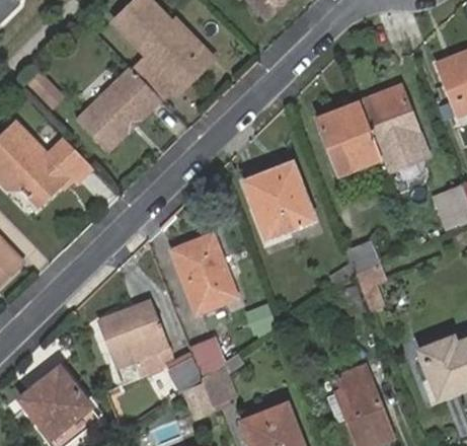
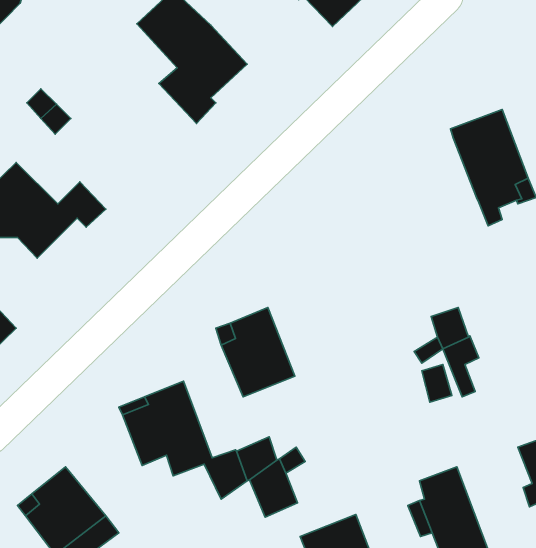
building: [172,18,214,89] -> none
building: [75,66,161,150] -> none
building: [315,109,380,174] -> none
building: [241,163,302,232] -> none

